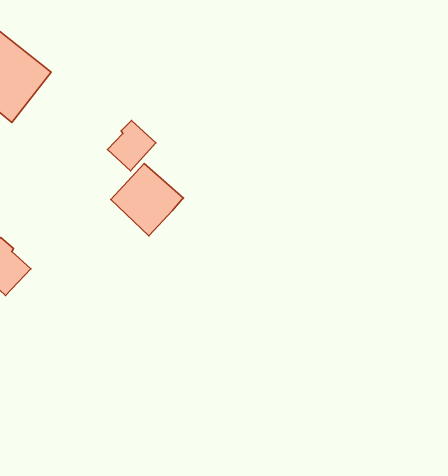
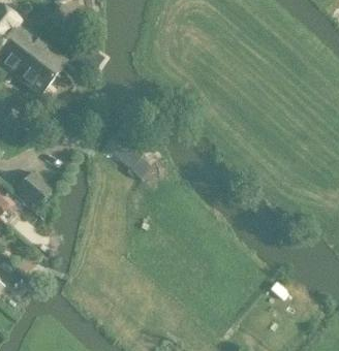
building: [108,120,156,171] -> none

